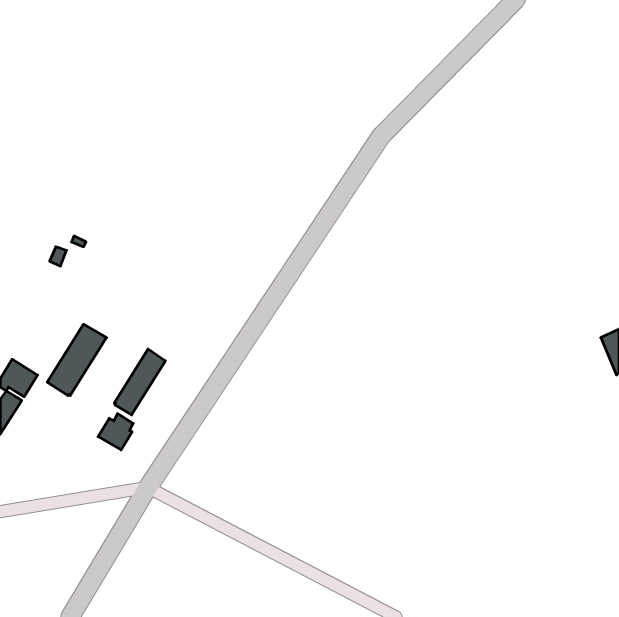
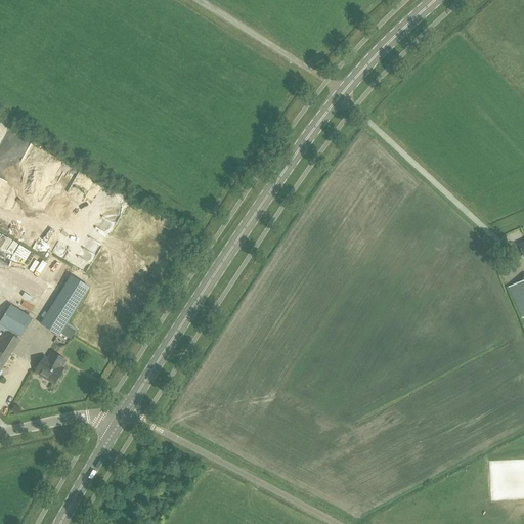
building: [114,349,165,415] -> none
building: [98,414,133,450] -> [35,351,64,382]

